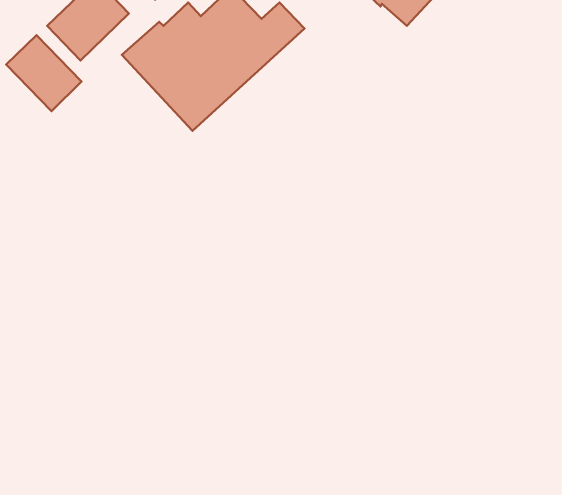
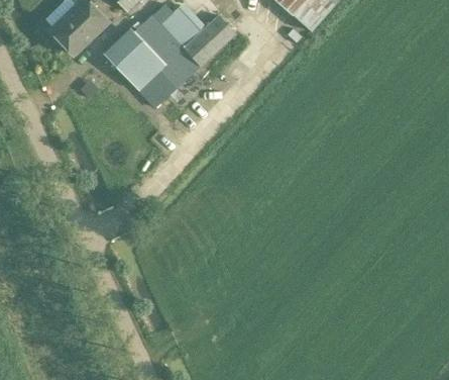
building: [6,35,82,111] -> none

